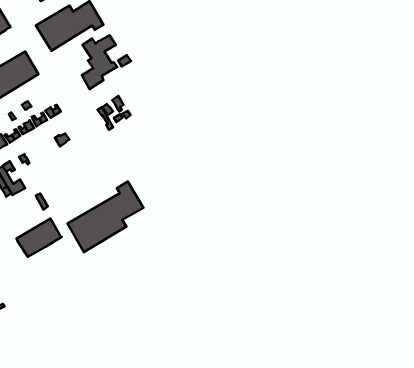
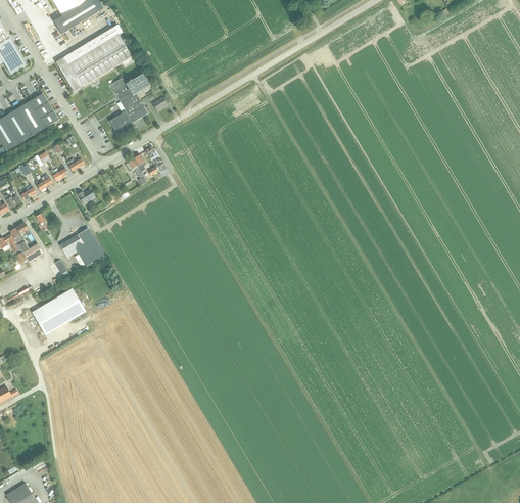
building: none -> [59,227,104,266]
building: [67,182,144,252] -> none

